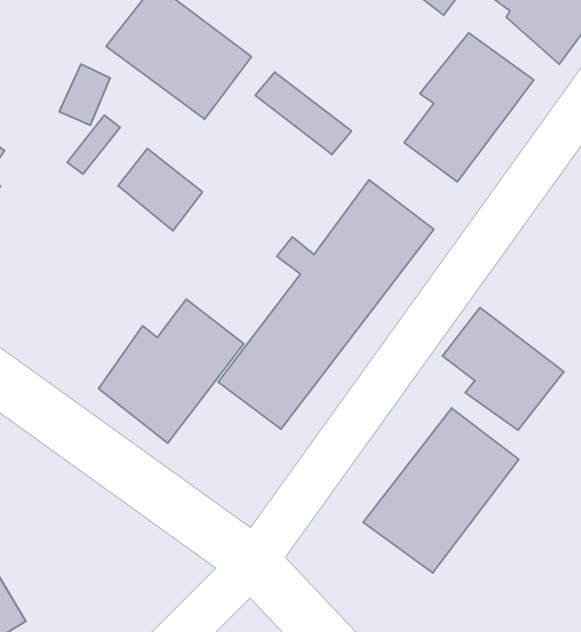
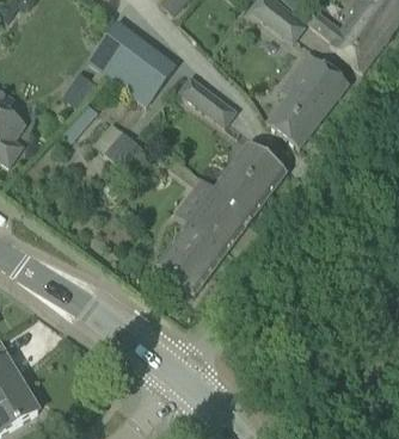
building: [99,299,244,443] -> none
building: [443,308,564,430] -> none
building: [363,408,519,573] -> none

